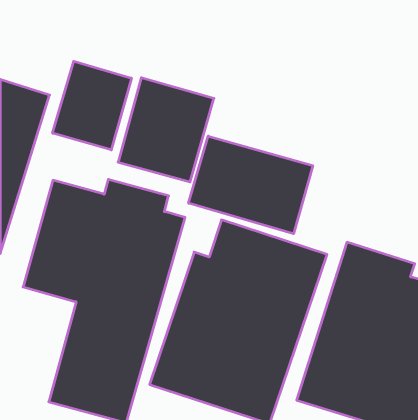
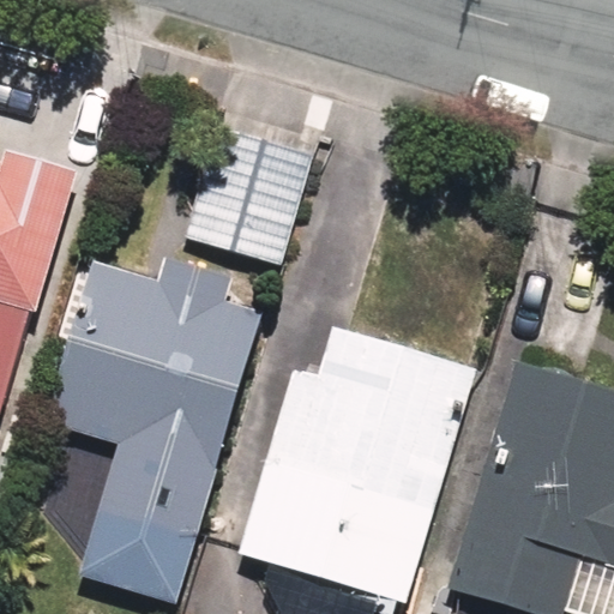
building: [53,61,131,150] -> none
building: [189,136,313,234] -> none

